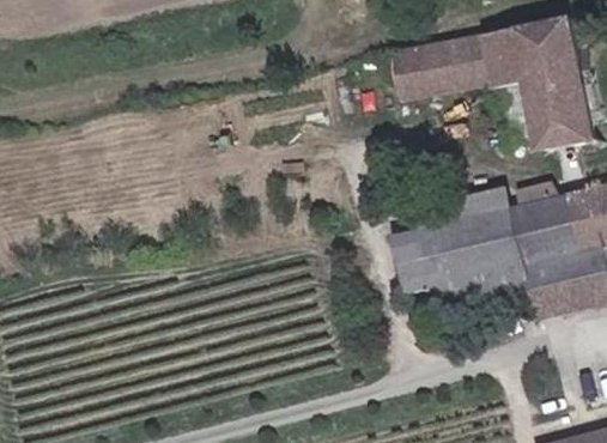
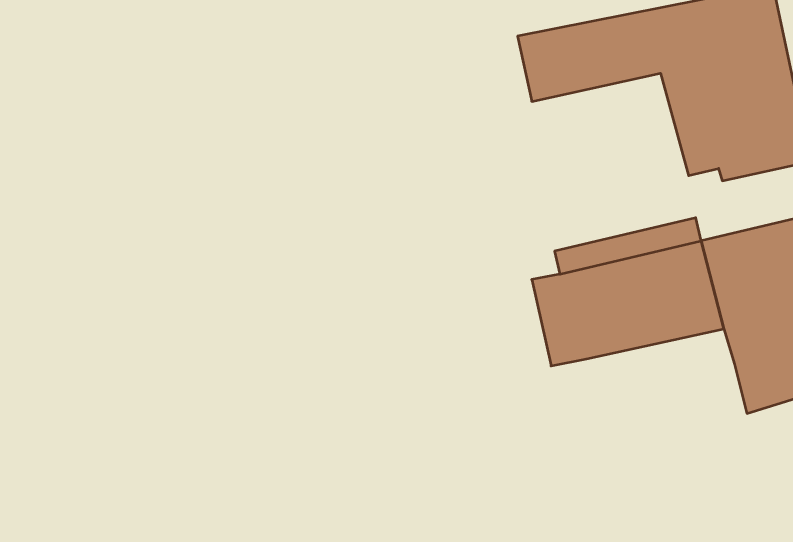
building: [442,256,542,301] -> none

